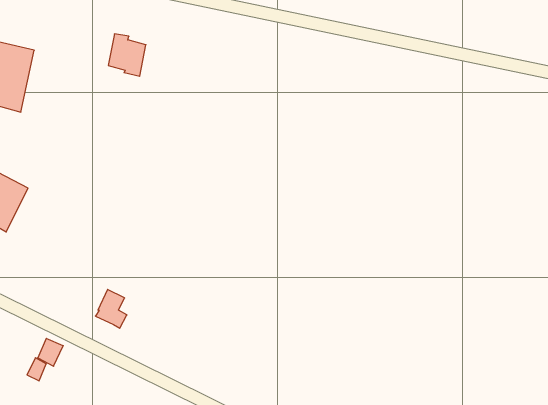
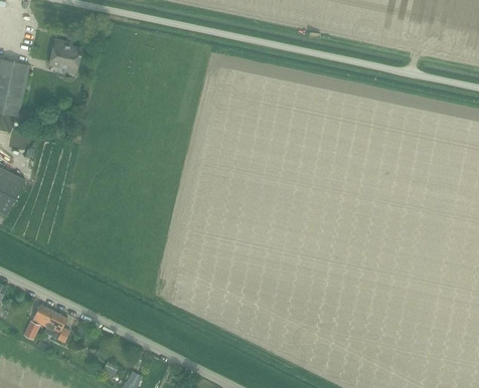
building: [108,34,146,76] -> [49,39,81,74]
building: [95,289,127,328] -> [43,311,69,343]

